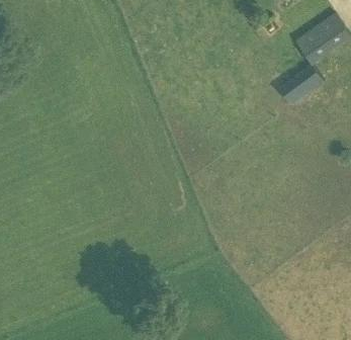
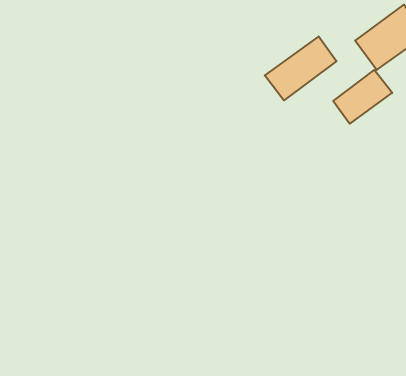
building: none -> [265,36,337,100]

